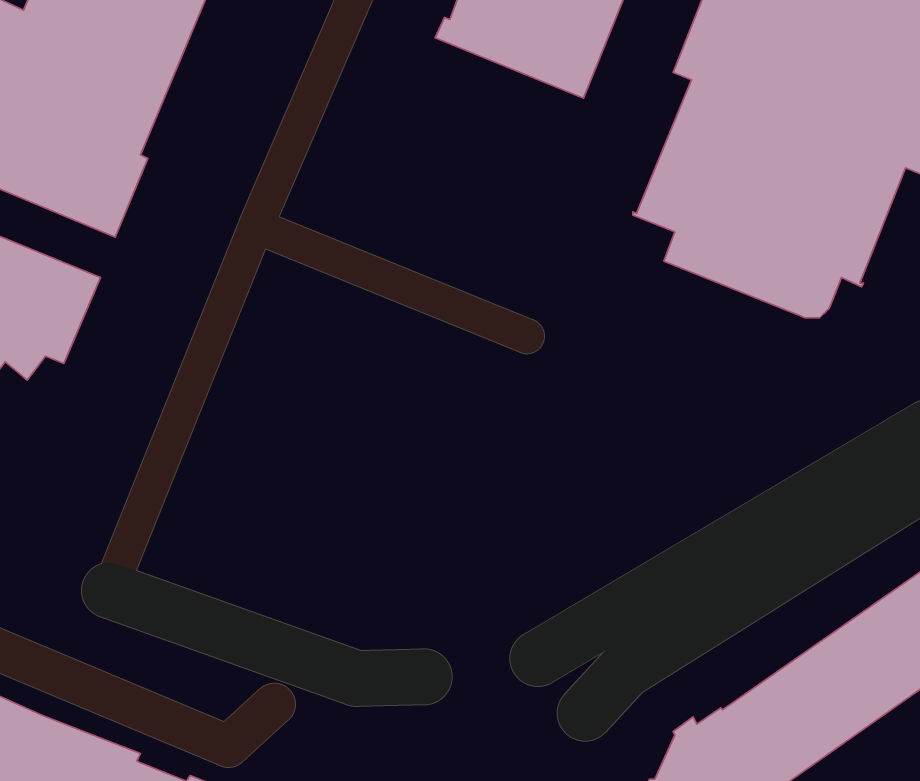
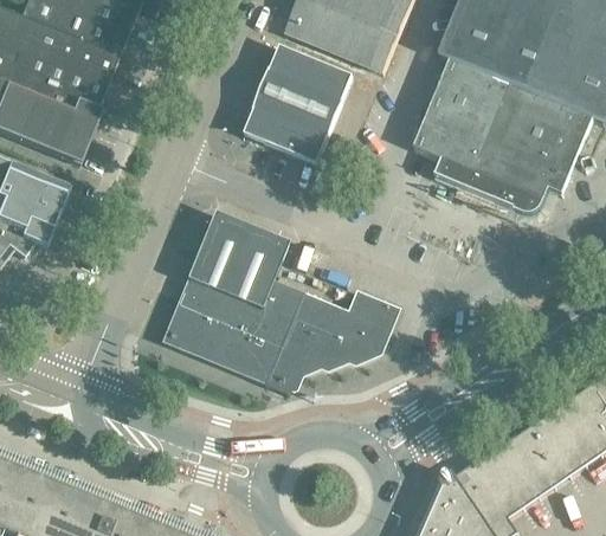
building: none -> [251,49,352,164]
building: none -> [166,212,399,386]

